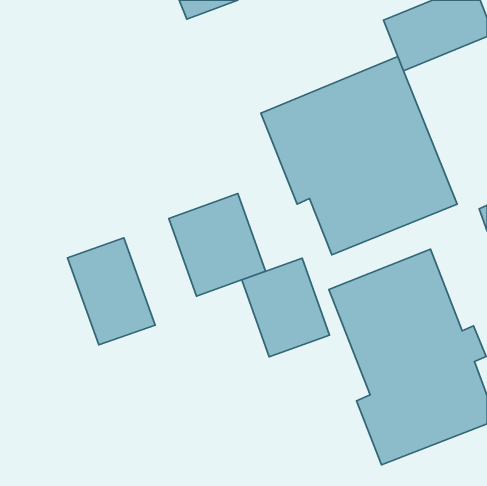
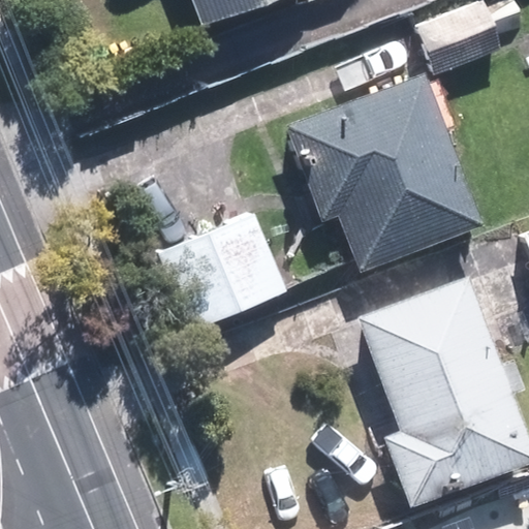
building: [68,238,155,345] -> none
building: [242,258,329,357] -> none

